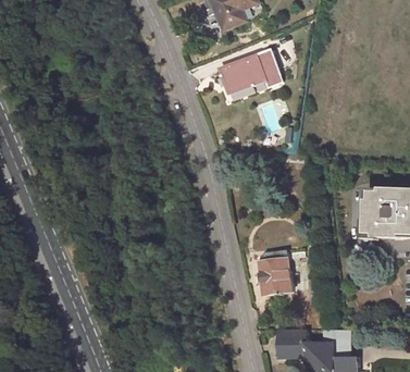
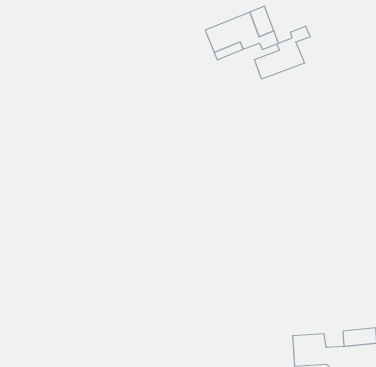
building: none -> [254,26,310,79]
building: [258,252,290,296] -> none

